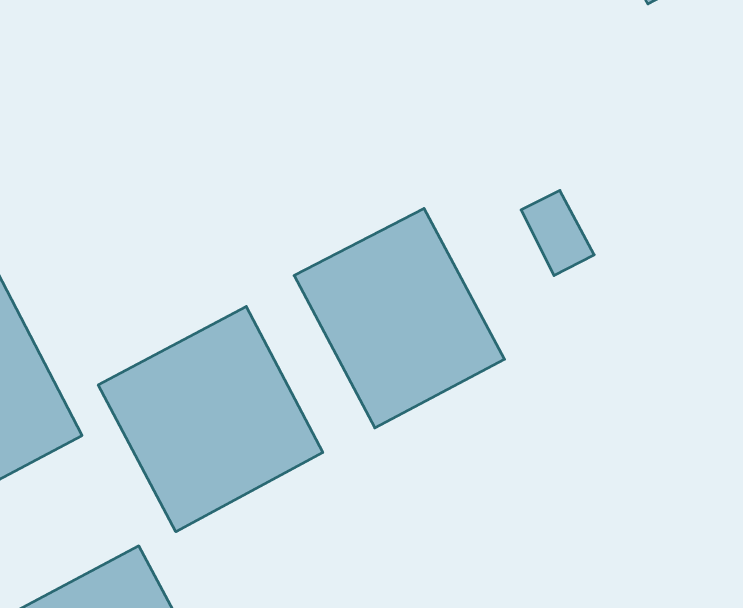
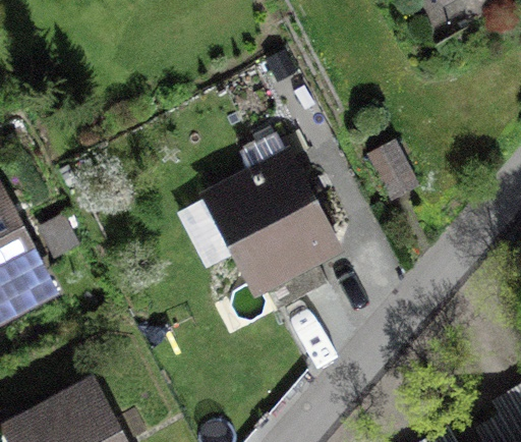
building: [98,306,323,532] -> none

